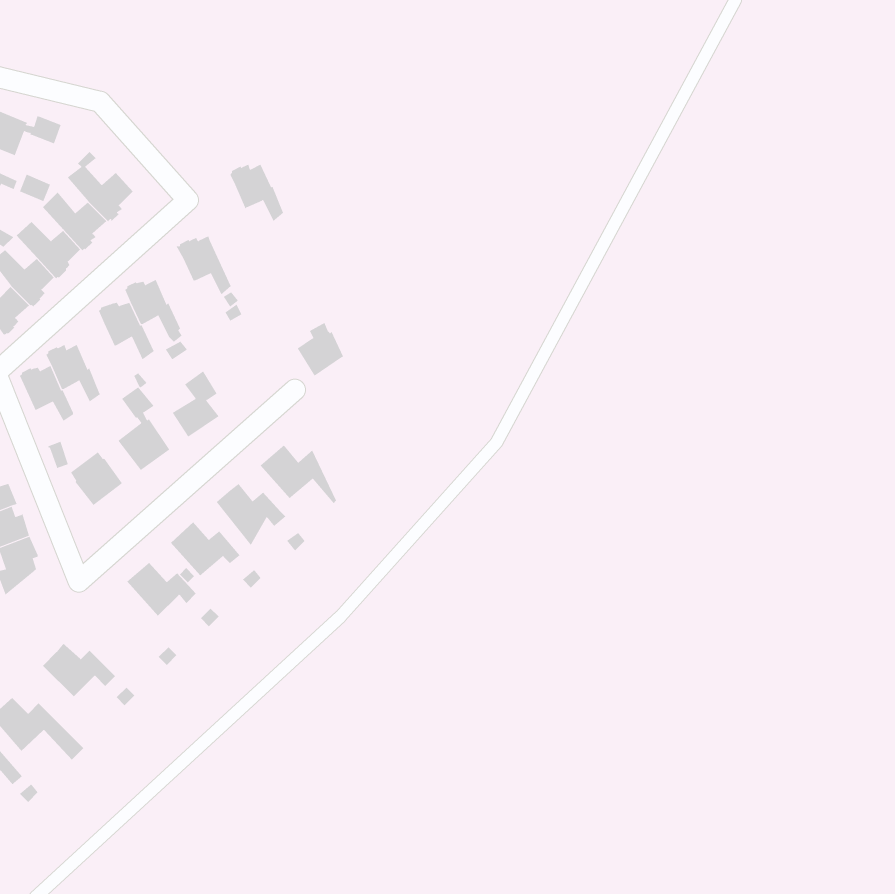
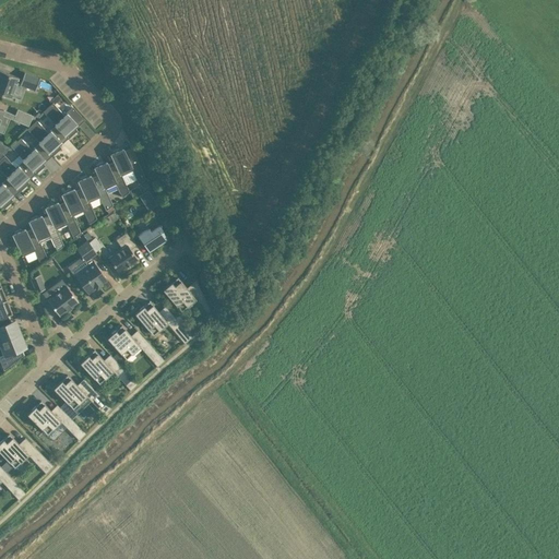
building: [229,164,284,222] -> [94,163,128,199]
building: [297,322,344,377] -> [136,219,166,253]
building: none -> [45,203,80,239]
building: none -> [52,377,96,411]

